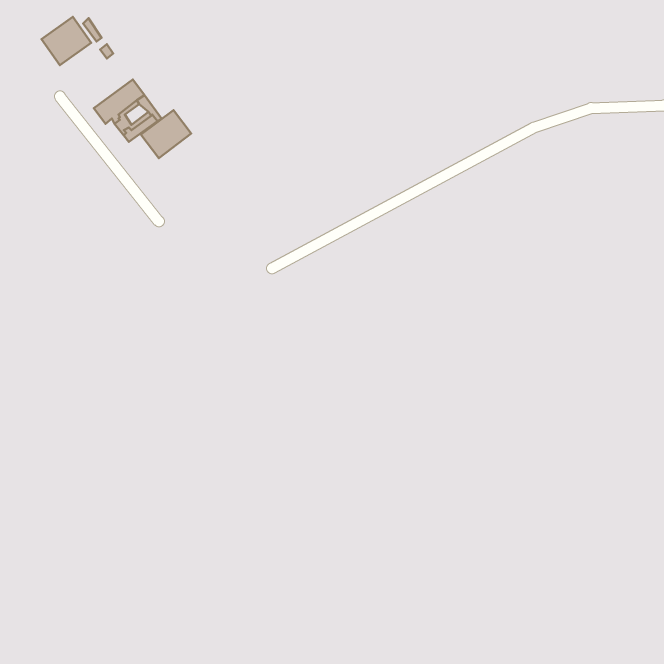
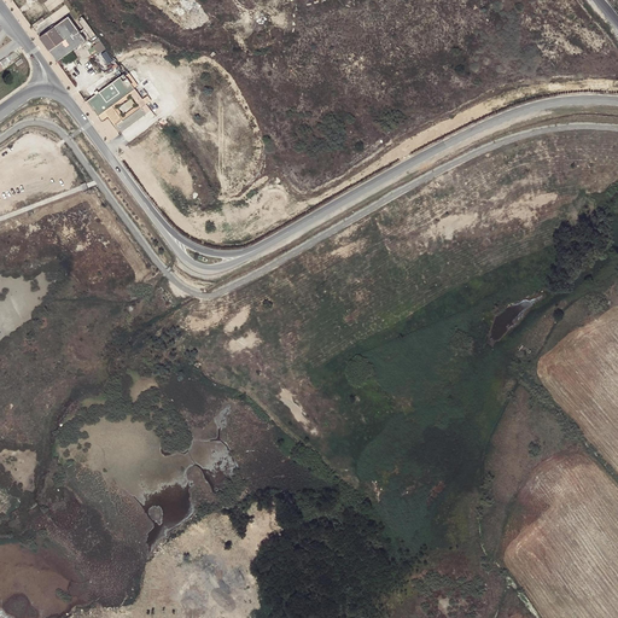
building: [141,110,191,158] -> none

